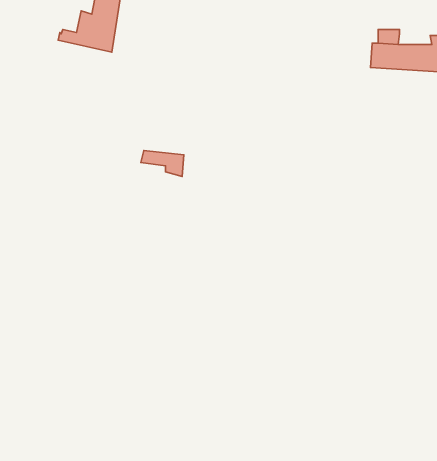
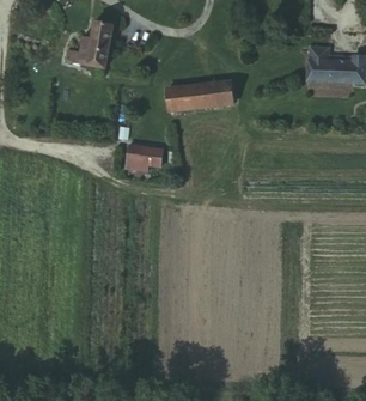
building: none -> [165,81,232,108]

